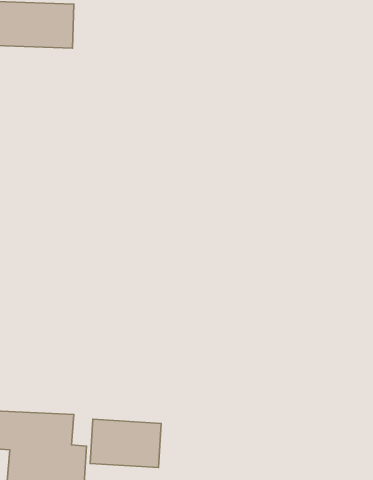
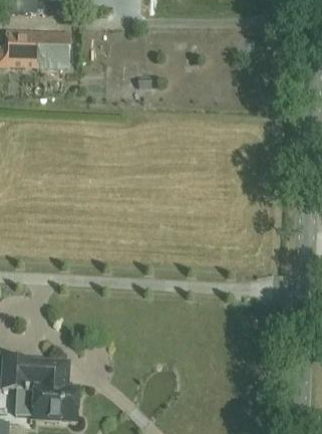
building: [90,419,161,467] -> none

